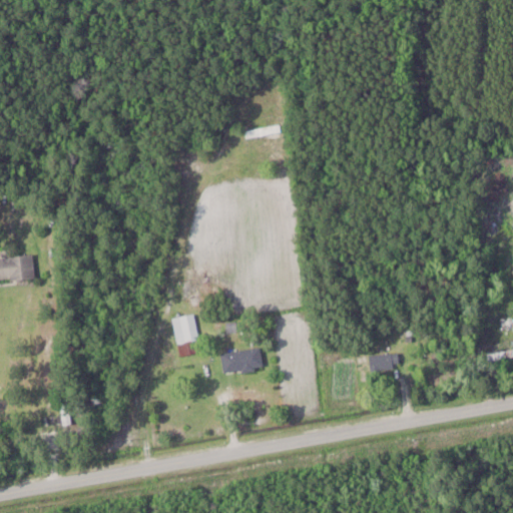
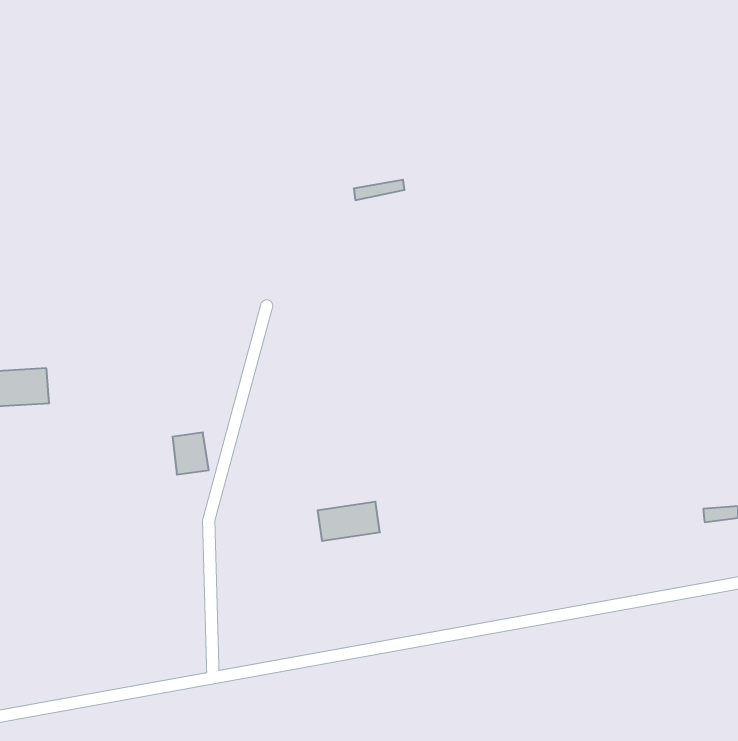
building: [172,314,197,343] -> [172,432,209,475]
building: [369,354,398,369] -> none

